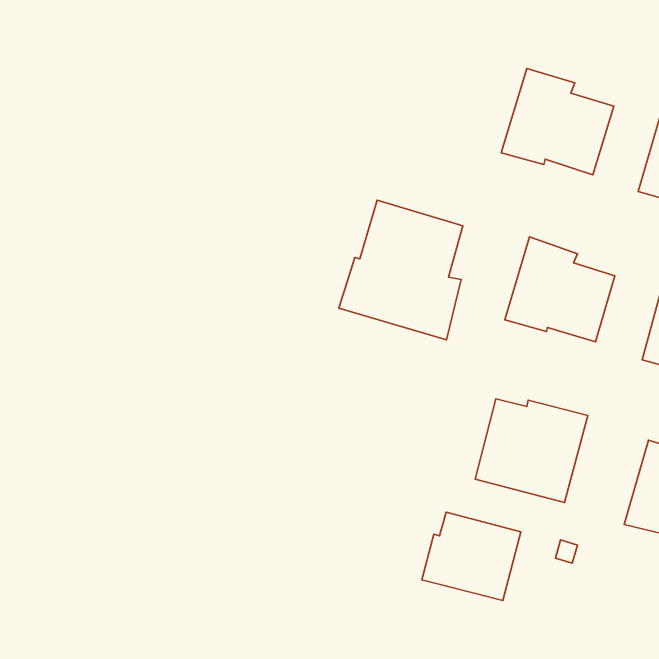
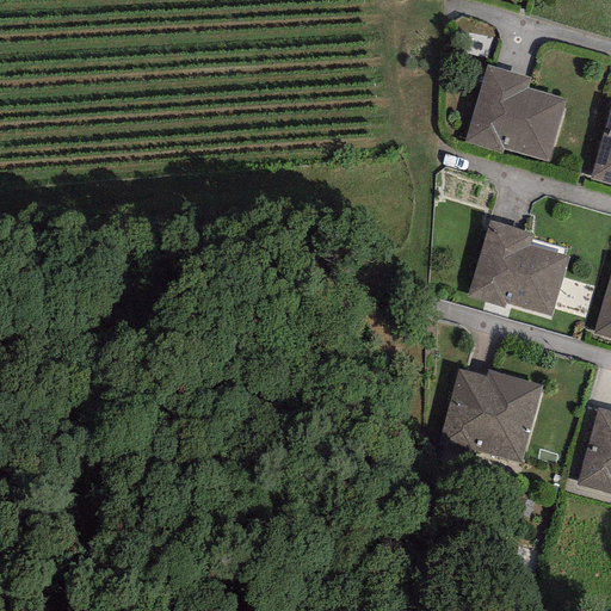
building: [339,200,463,340] -> none
building: [422,512,521,600] -> none

